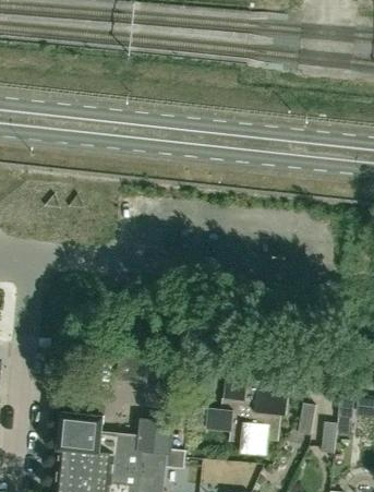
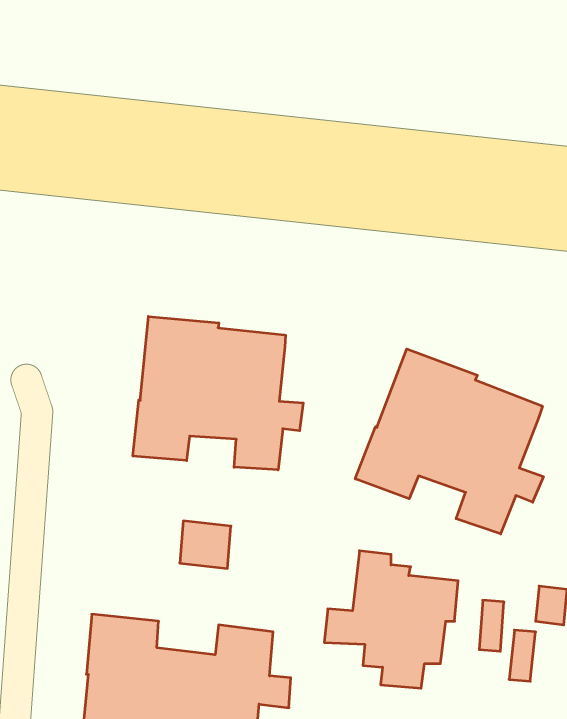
building: none -> [133,316,303,470]
building: none -> [355,349,543,534]

